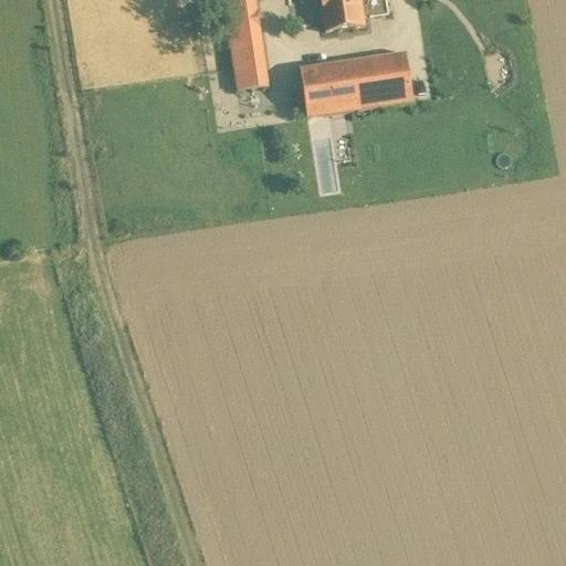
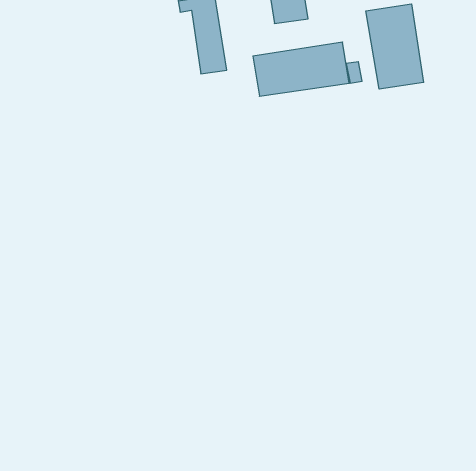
building: none -> [366,4,424,89]

